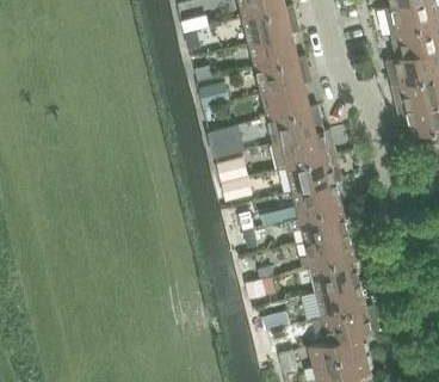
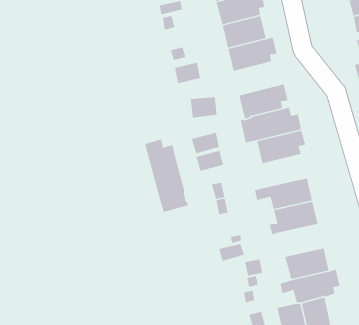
building: [261,82,309,118] -> none
building: none -> [144,138,189,213]
building: [292,181,341,216] -> none
building: [310,257,359,291] -> none

